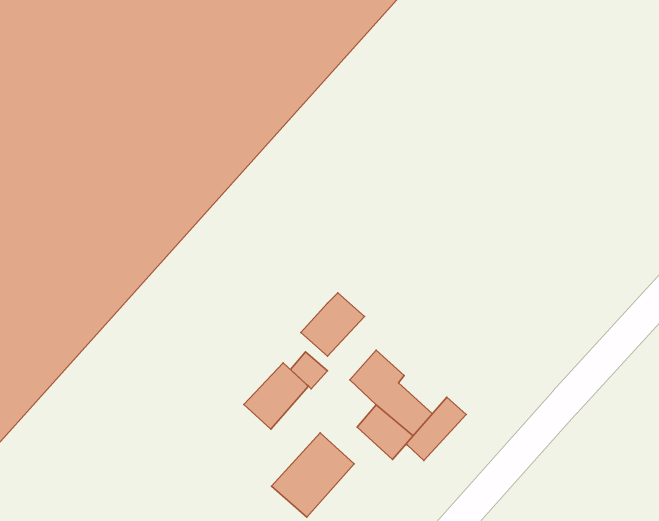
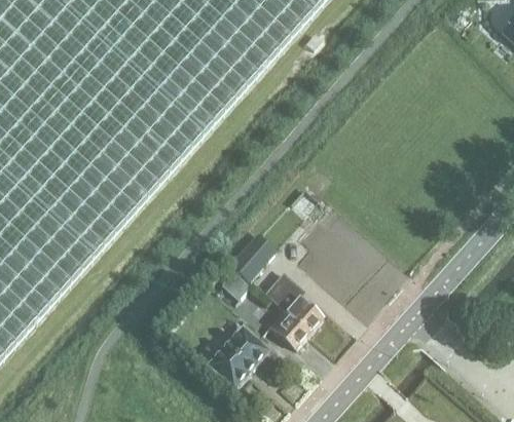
building: [244,363,308,429] -> none
building: [406,397,466,460] -> none

